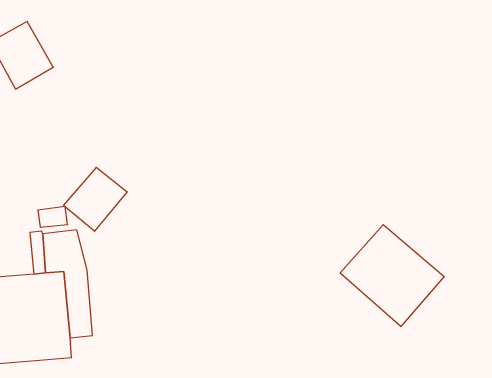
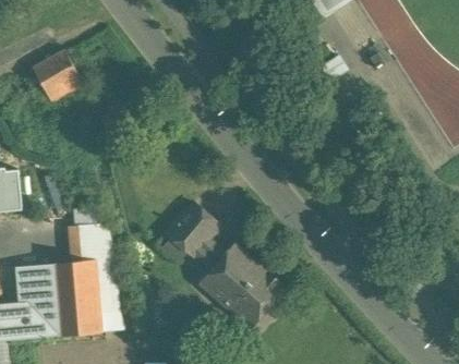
building: [64,167,127,231] -> [164,202,217,255]
building: [340,225,444,326] -> [196,242,283,327]

